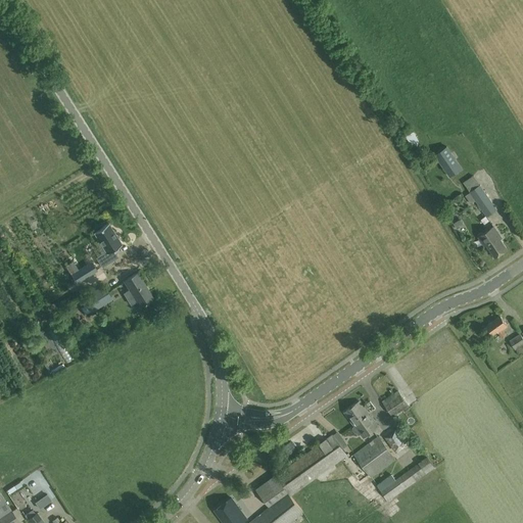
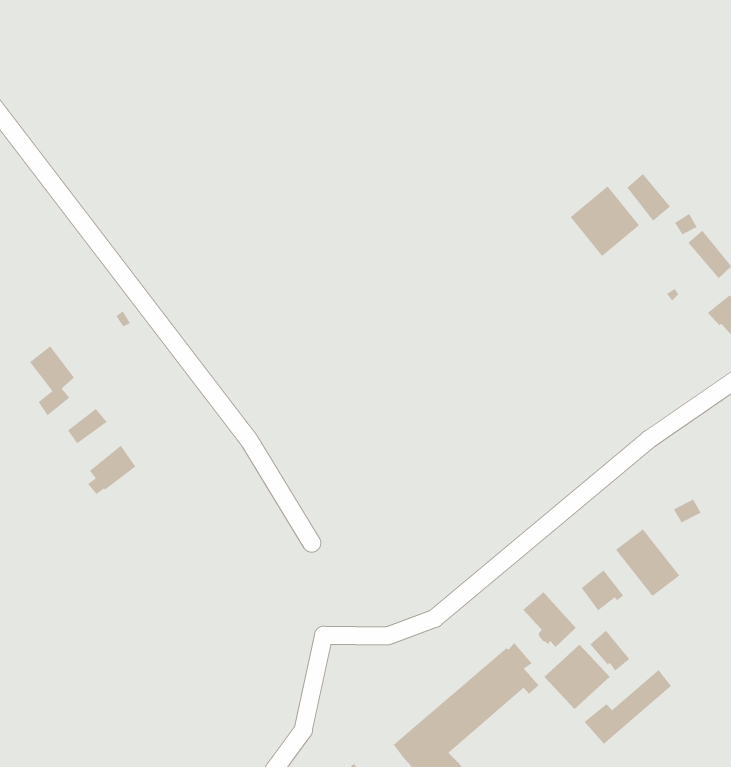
building: none -> [570,185,640,257]
building: [93,223,121,267] -> [29,345,75,416]
building: [123,273,152,306] -> none
building: none -> [615,529,680,597]

